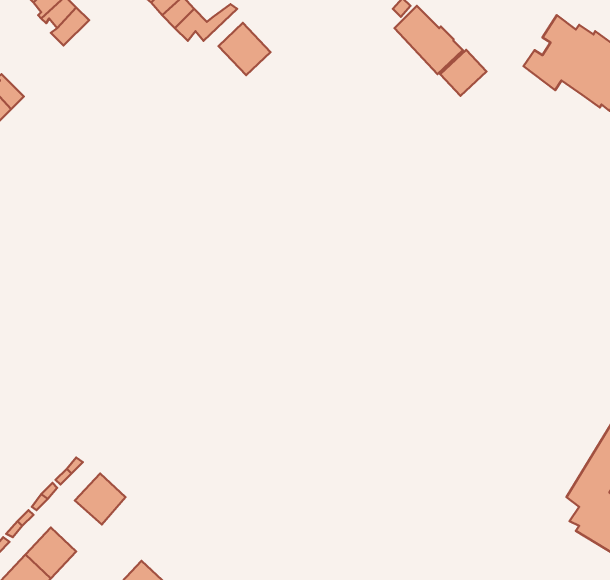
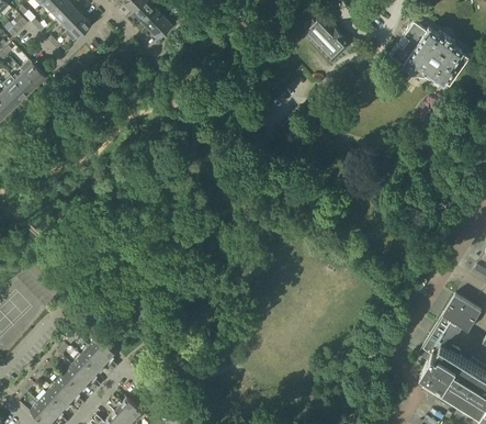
building: [218,23,271,75] -> none
building: [440,50,486,96] -> none
building: none -> [64,357,99,392]

